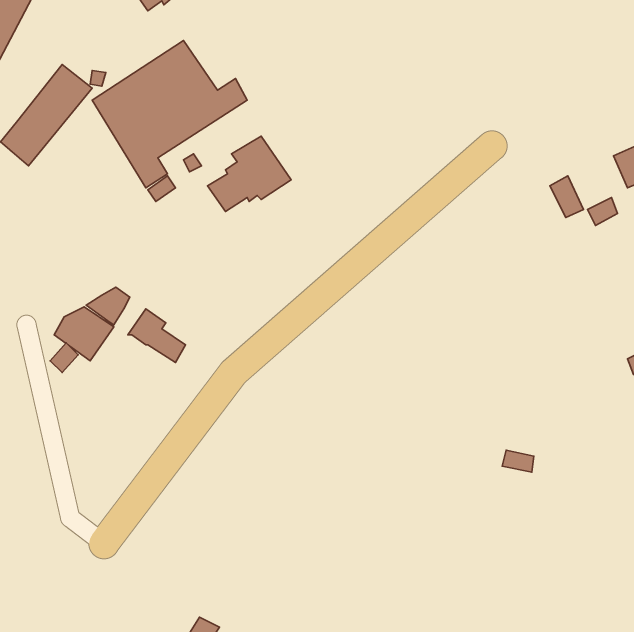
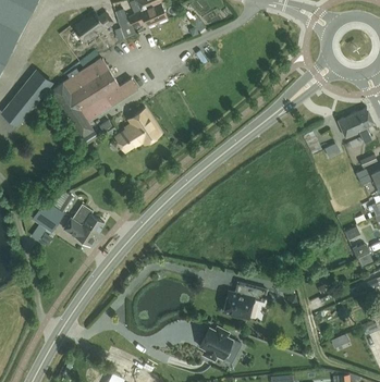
building: none -> [63,218,98,246]
building: none -> [223,282,266,318]
building: none -> [199,326,241,360]

